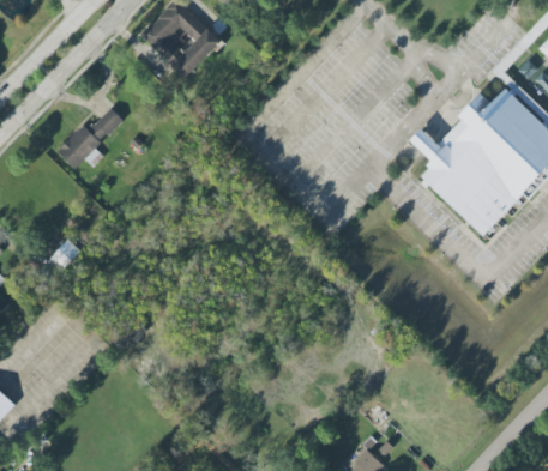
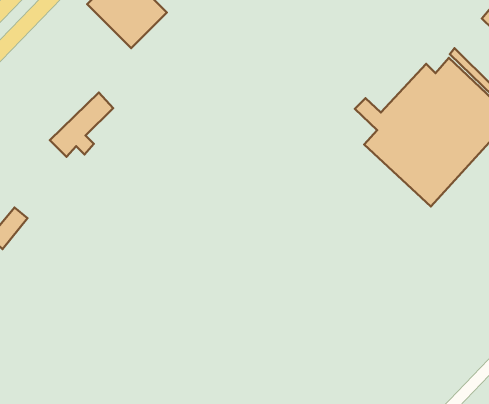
building: [59,105,122,170] -> [50,93,113,157]

